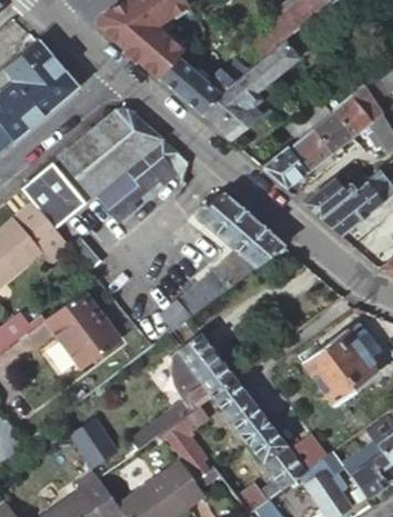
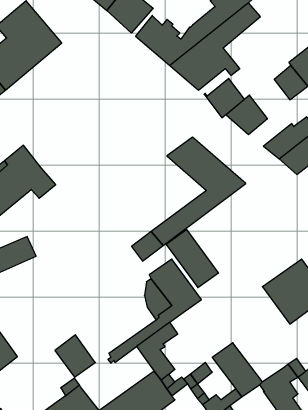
building: [59,110,189,218] -> none
building: [289,128,334,172] -> [204,78,244,118]
building: [22,165,83,228] -> none
building: [47,290,121,366] -> none
building: [211,377,270,443] -> [166,230,218,288]

